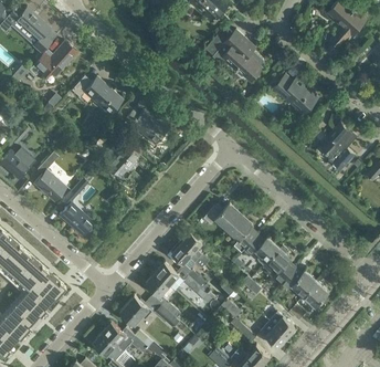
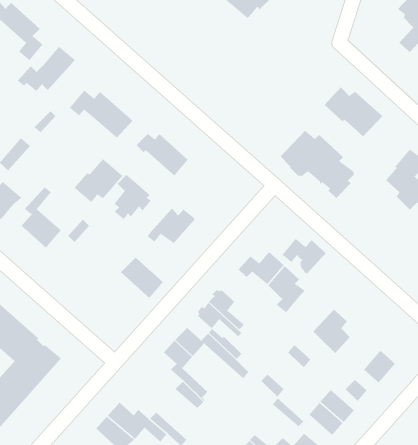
building: [205,27,264,81] -> [280,130,354,199]
building: none -> [74,158,124,203]
building: none -> [147,207,196,244]
building: [59,203,93,237] -> [120,257,164,299]
building: [244,237,279,265] -> [282,238,327,274]
building: [281,268,316,296] -> none
building: [119,296,152,326] -> none

